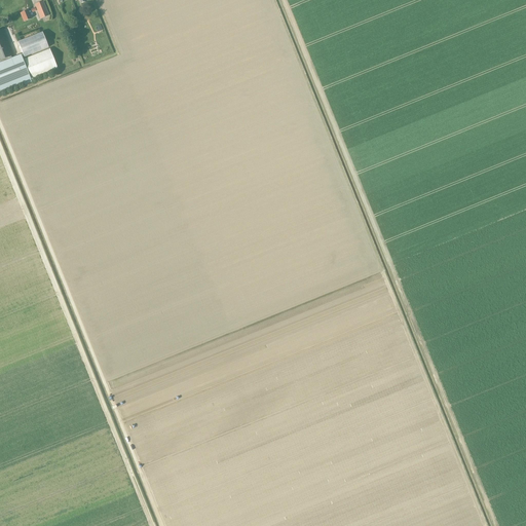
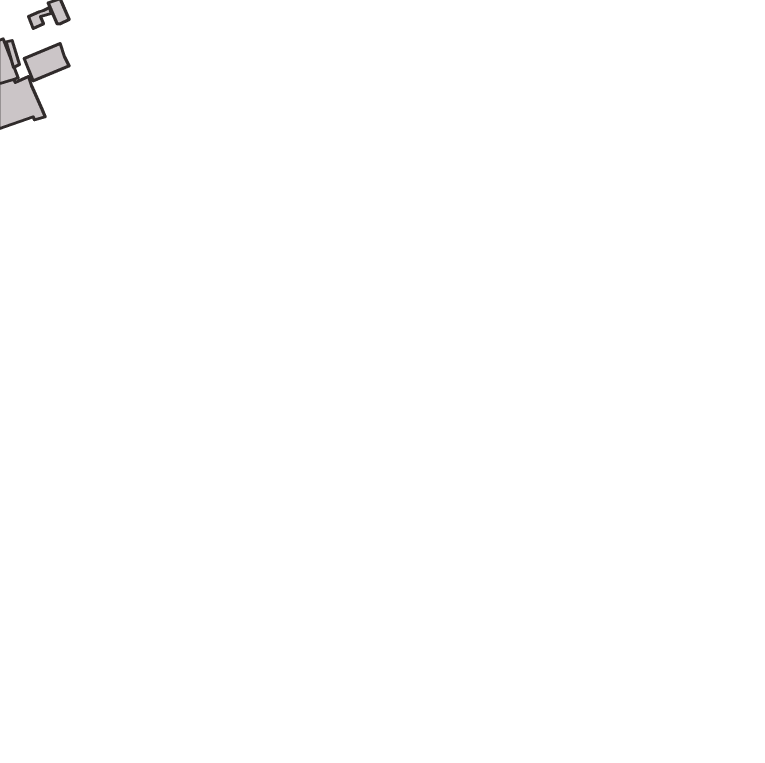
building: [22,47,55,76] -> none

